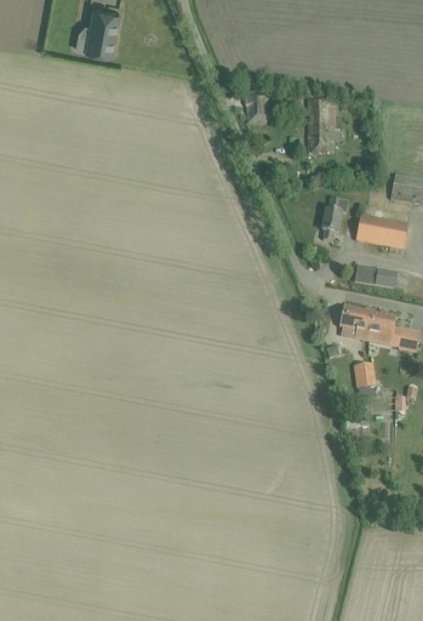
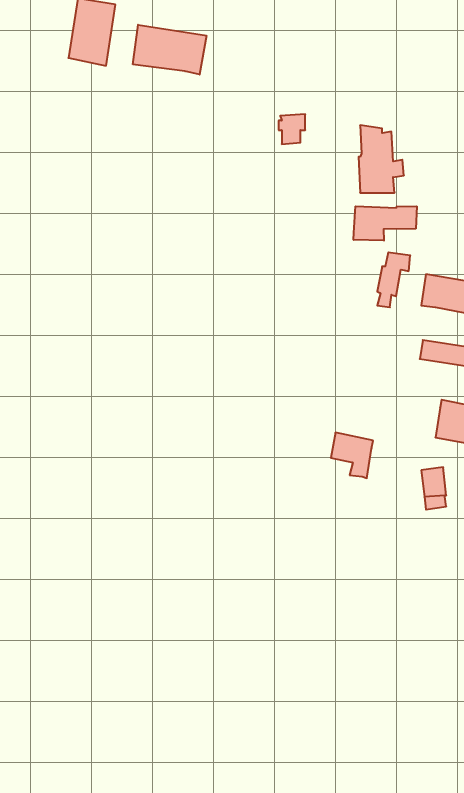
building: none -> [133,25,206,75]
building: none -> [354,206,417,241]
building: [338,306,371,341] -> [331,433,373,478]

